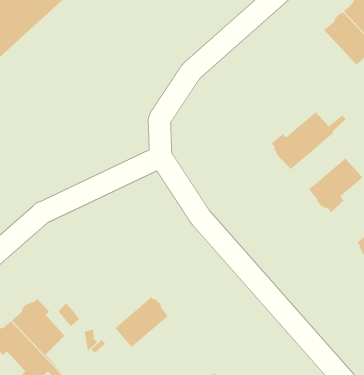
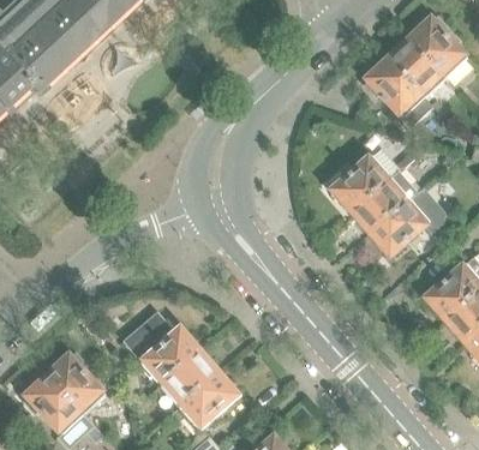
building: none -> [364,60,424,119]
building: none -> [352,172,418,234]
building: none -> [133,323,200,385]
building: none -> [164,372,241,431]

